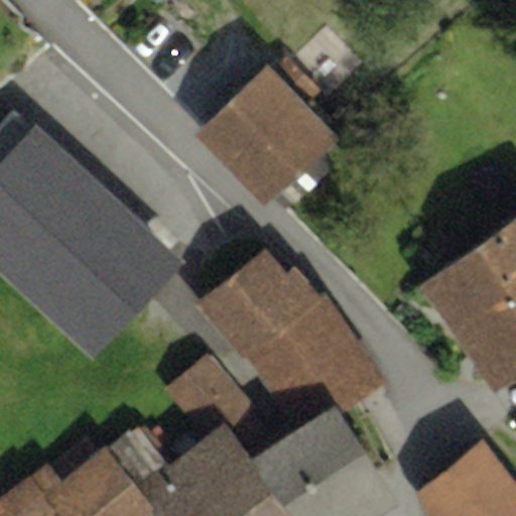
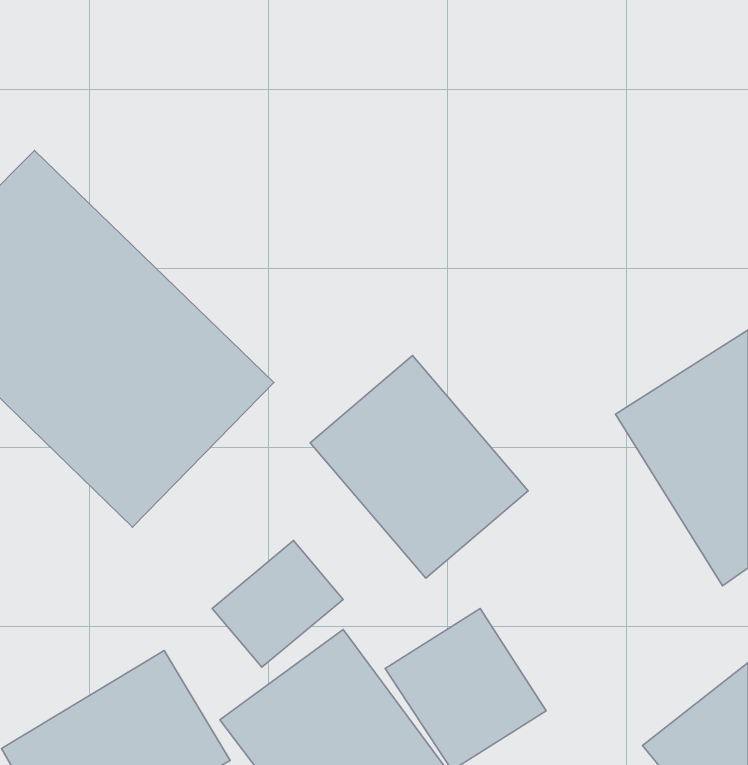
building: [207,61,344,198] -> none

